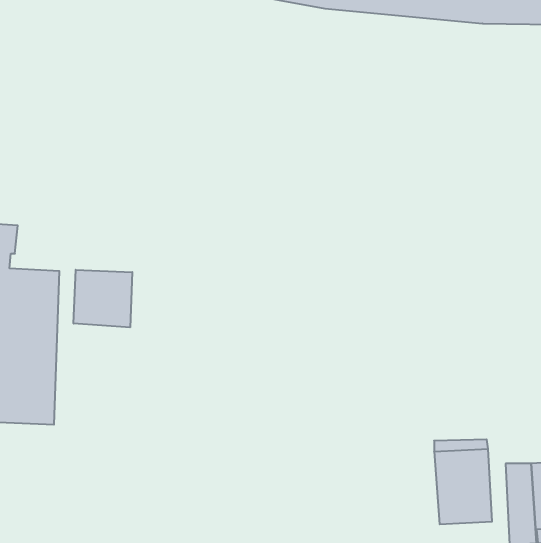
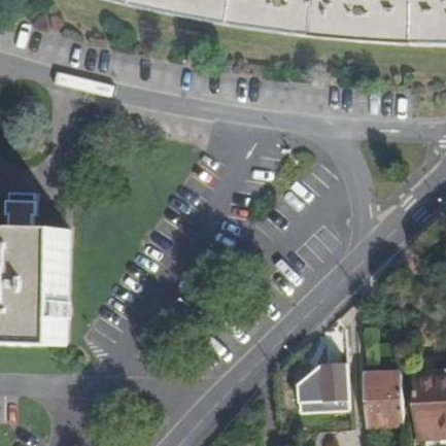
building: [74,270,132,327] -> none
building: none -> [298,365,349,411]

